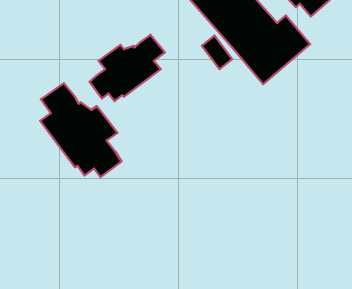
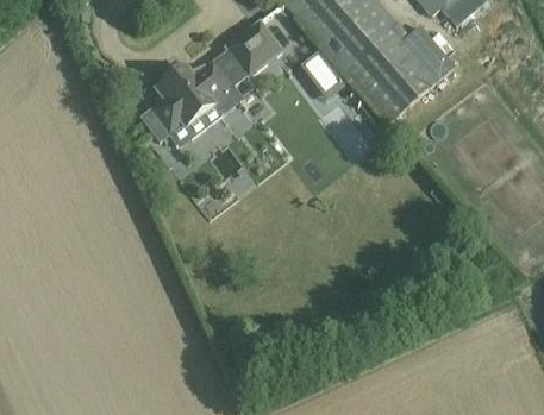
building: none -> [226,21,282,76]
building: [40,83,121,177] -> none

